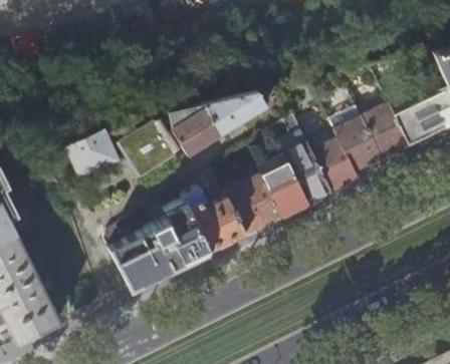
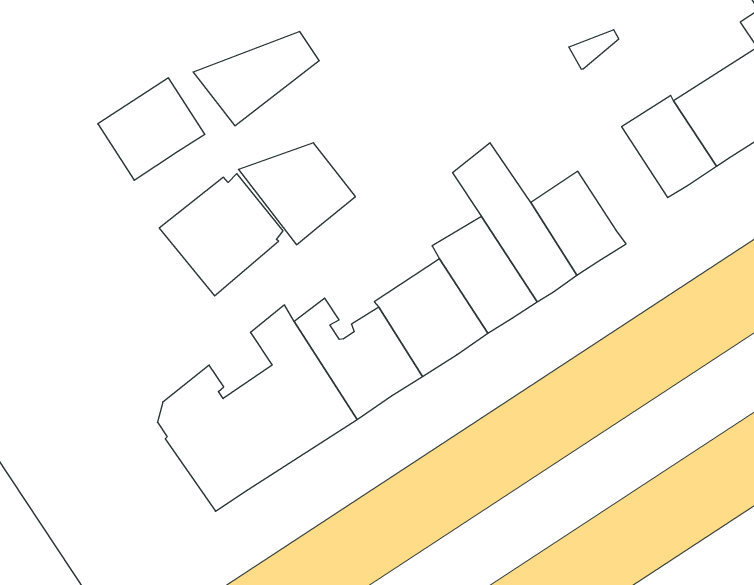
building: [206,93,271,137] -> [193,32,319,126]
building: [336,118,384,171] -> none
building: [68,130,123,180] -> [98,78,205,180]

